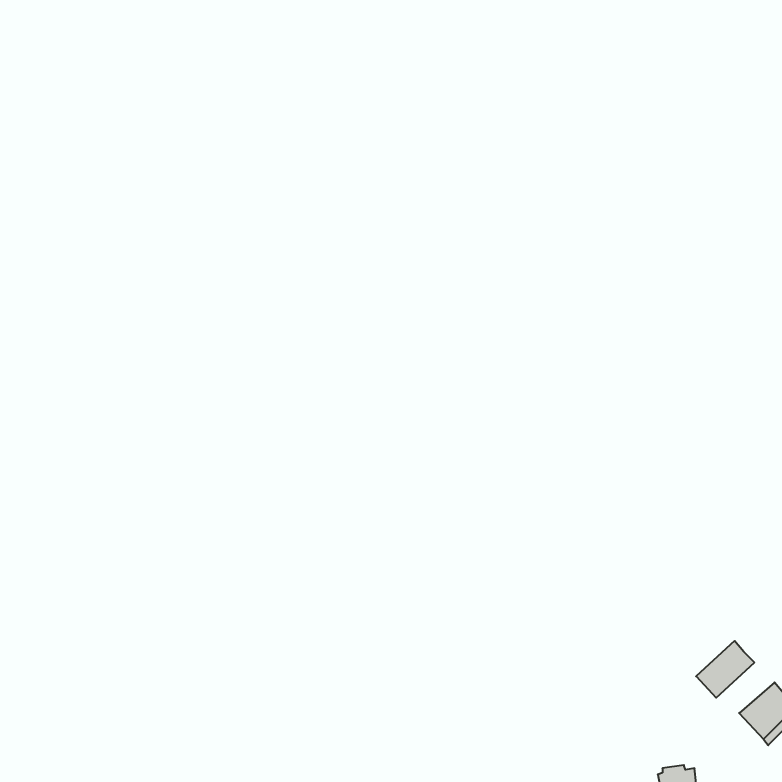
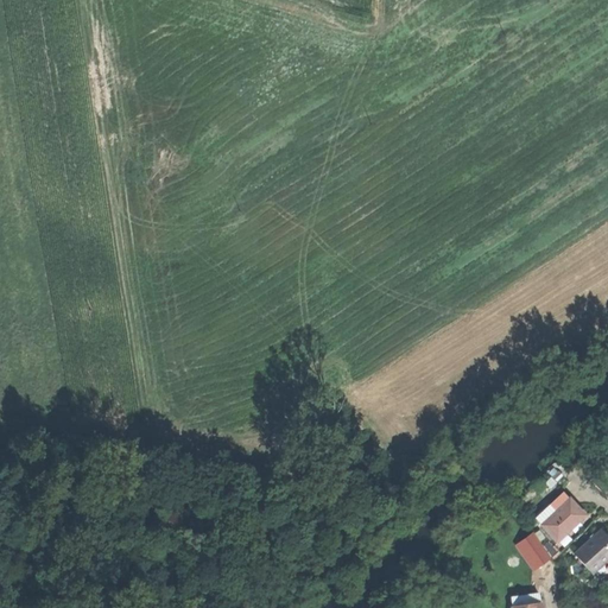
building: none -> [513,527,555,575]

